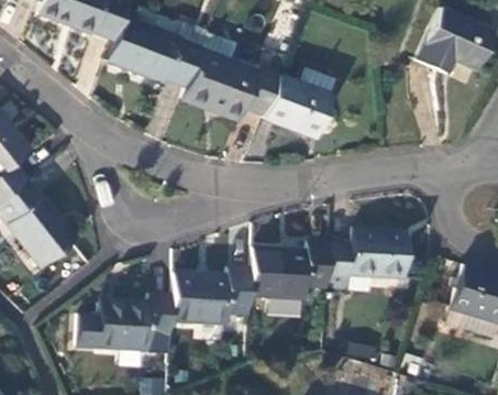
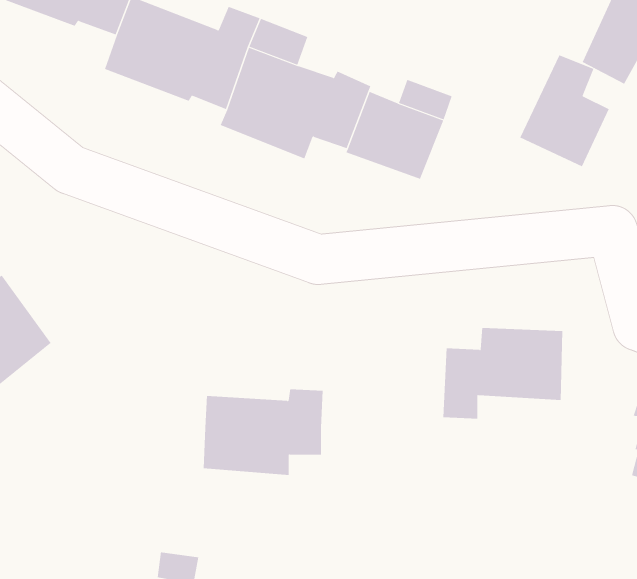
building: none -> [519,55,610,167]
building: [250,243,330,300] -> none
building: [97,296,174,351] -> none

